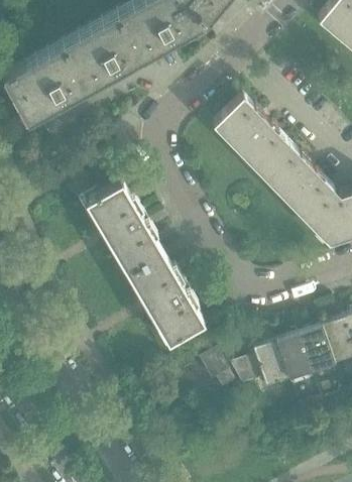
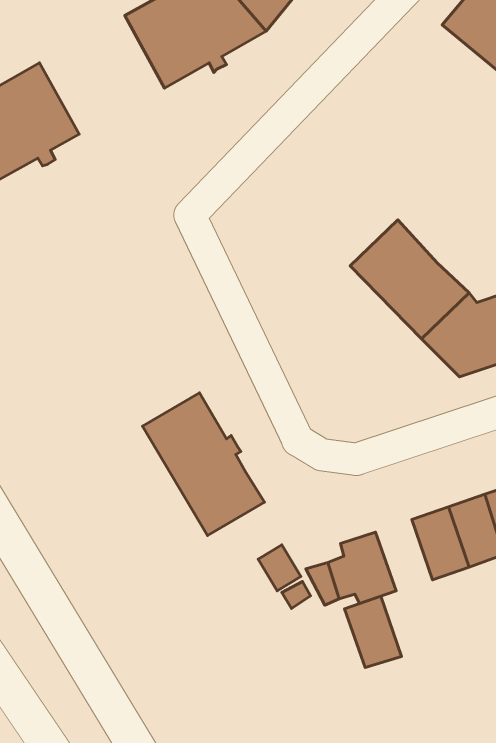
building: [61,14,140,90] -> none
building: [212,97,288,173] -> none
building: [85,183,162,275] -> none
building: [274,335,311,380] -> [344,596,402,668]

